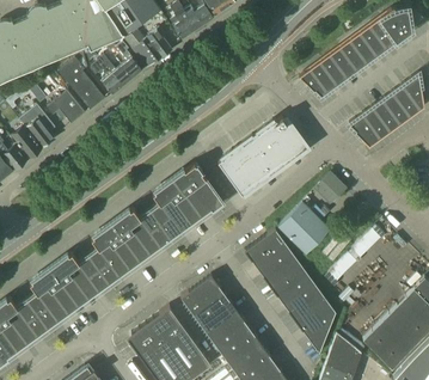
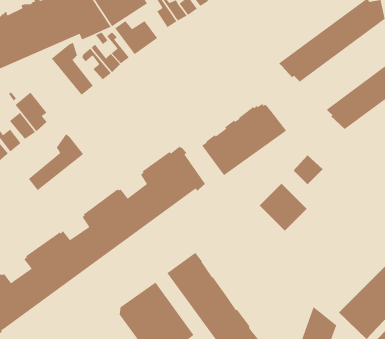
building: [47,92,85,125] -> none
building: none -> [28,133,84,191]
building: [245,231,336,354] -> none

